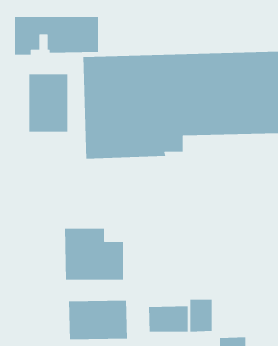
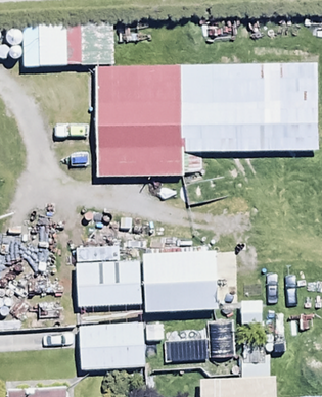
building: [29,74,68,133] -> none
building: none -> [142,250,217,310]

